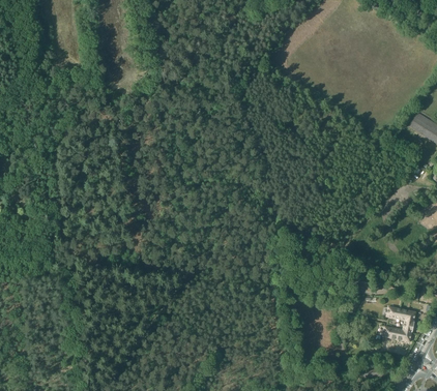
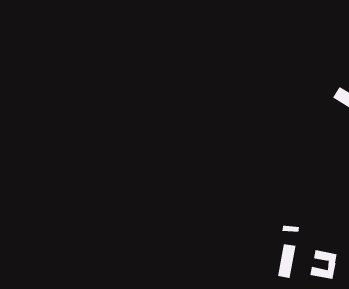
building: none -> [278,243,296,279]

